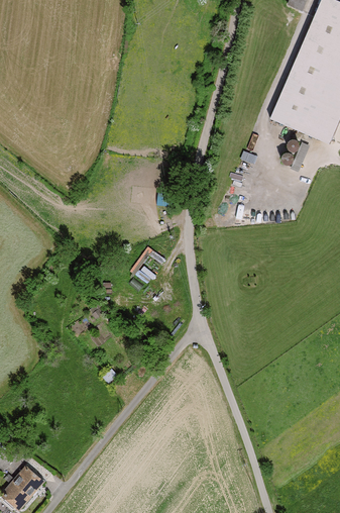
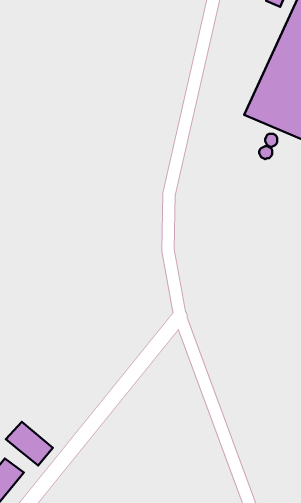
building: none -> [6,422,53,466]

